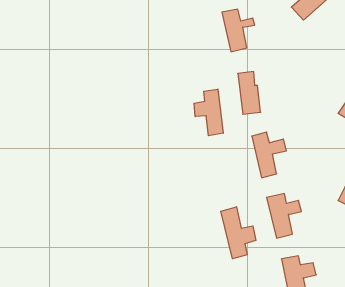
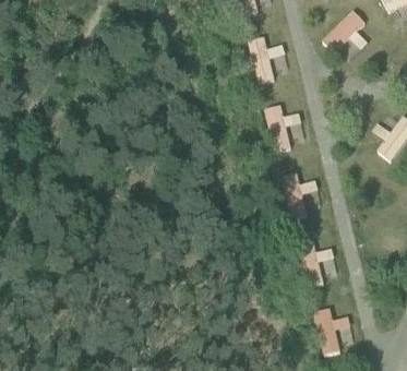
building: [194,89,223,136] -> none
building: [221,207,256,259] -> none

